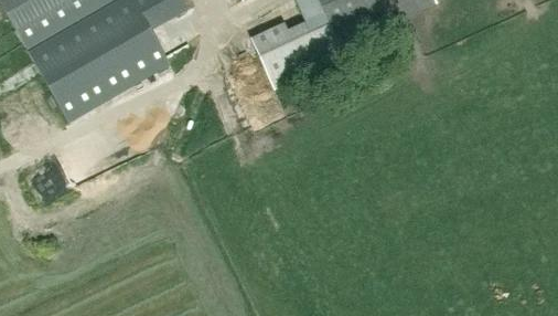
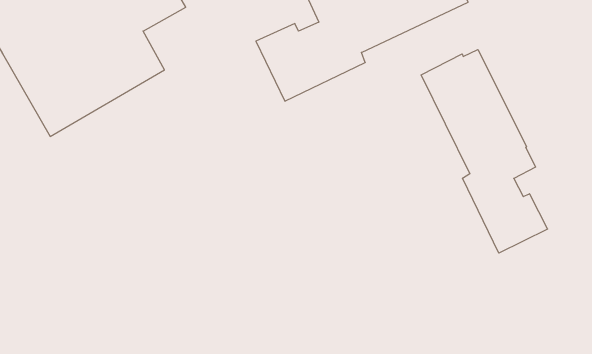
building: none -> [421,50,548,253]

